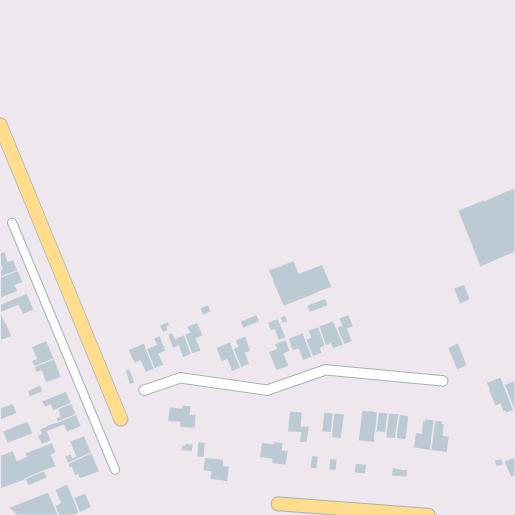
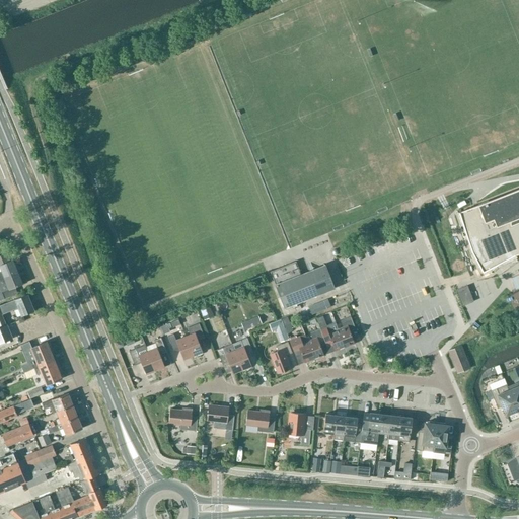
building: none -> [344,417,363,443]
building: [259,442,289,465] -> [245,410,275,433]
building: [203,458,230,482] -> [207,406,234,431]
building: none -> [80,476,106,510]

